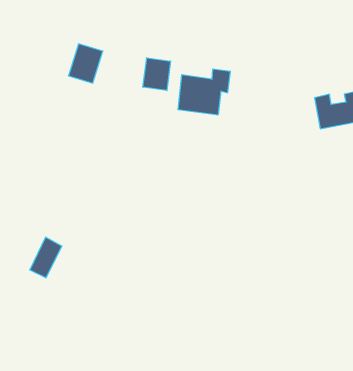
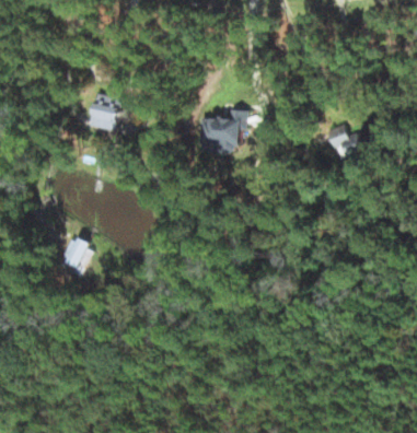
building: [143,58,171,91] -> none
building: [30,237,62,278] -> [63,236,93,276]

